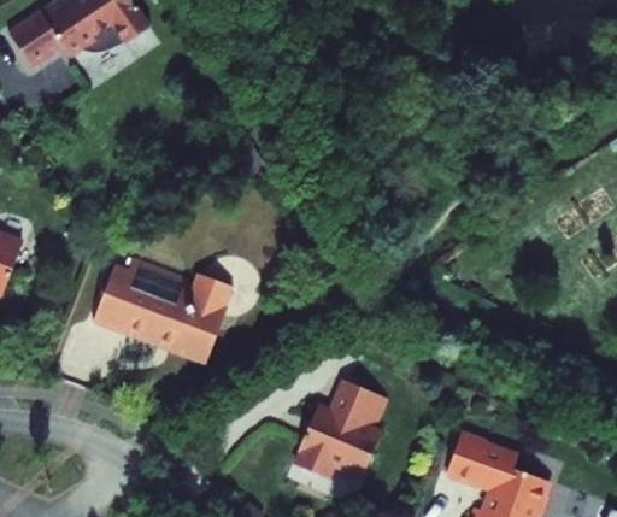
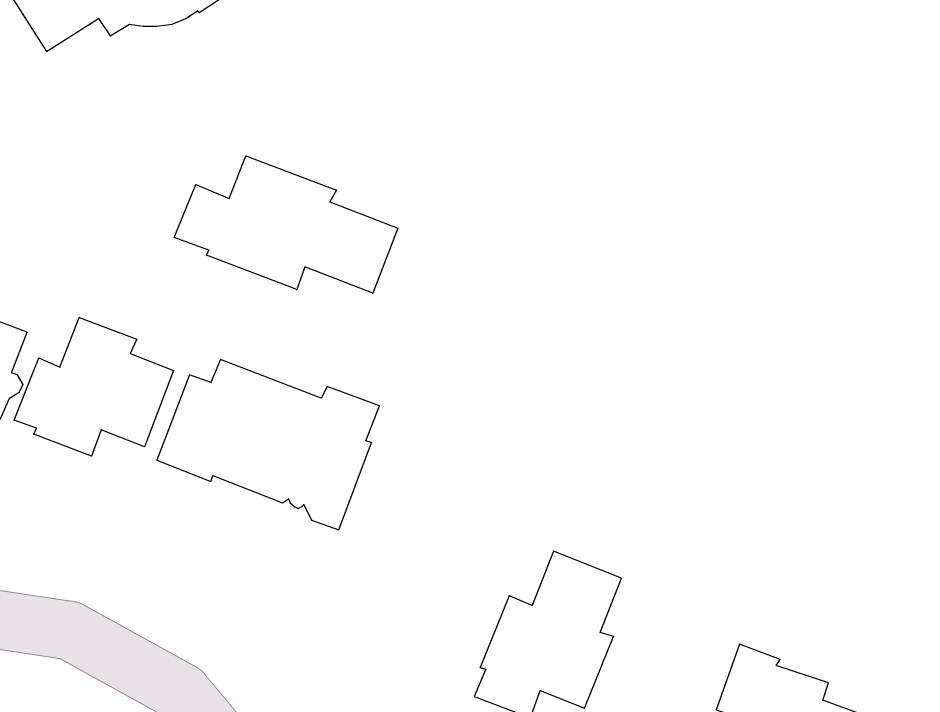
building: none -> [174,156,398,293]
building: none -> [14,317,174,456]

